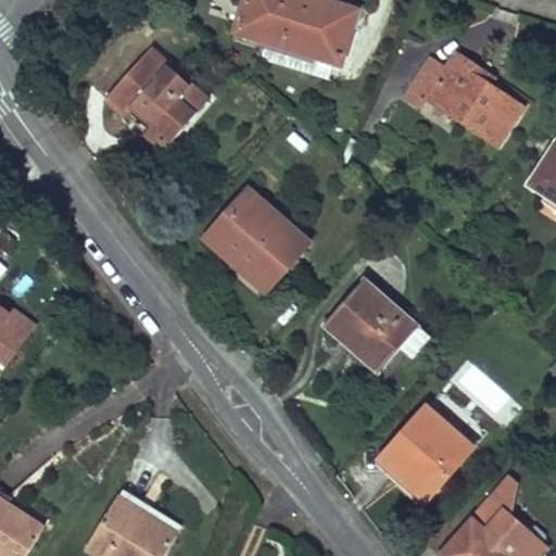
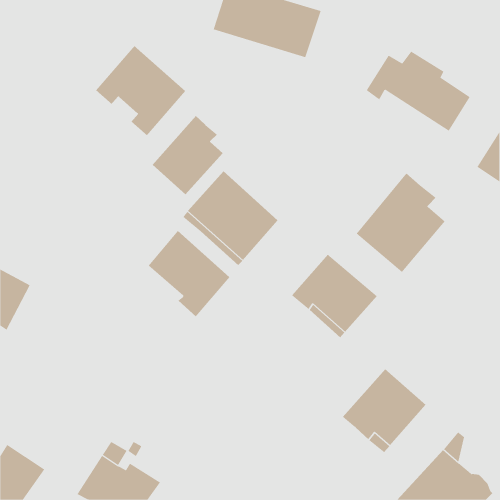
building: none -> [152,115,223,195]
building: none -> [356,173,446,273]
building: none -> [148,230,230,317]

